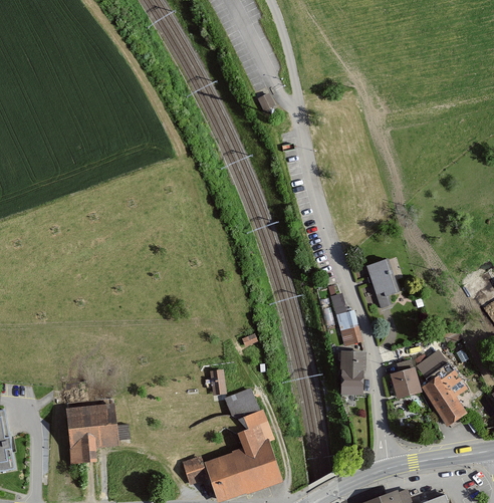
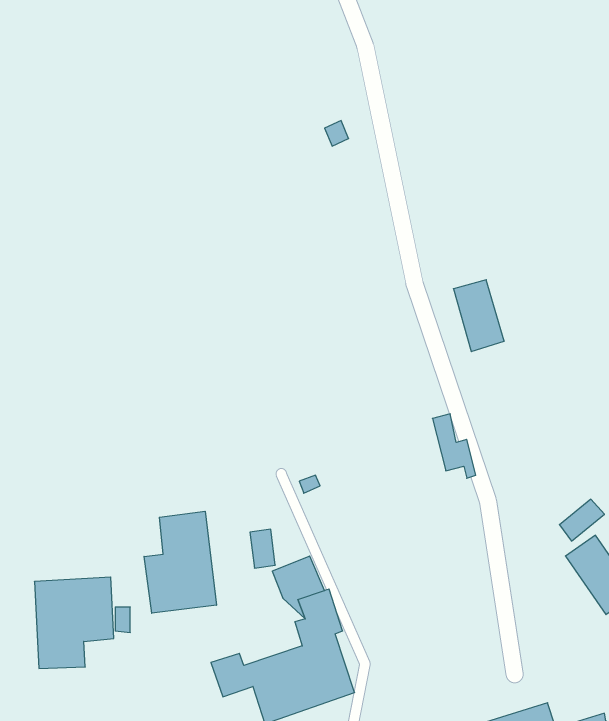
building: [367,259,402,307] -> [453,280,504,352]
building: [339,351,366,395] -> none
building: none -> [144,511,216,613]
building: [390,367,422,398] -> none

